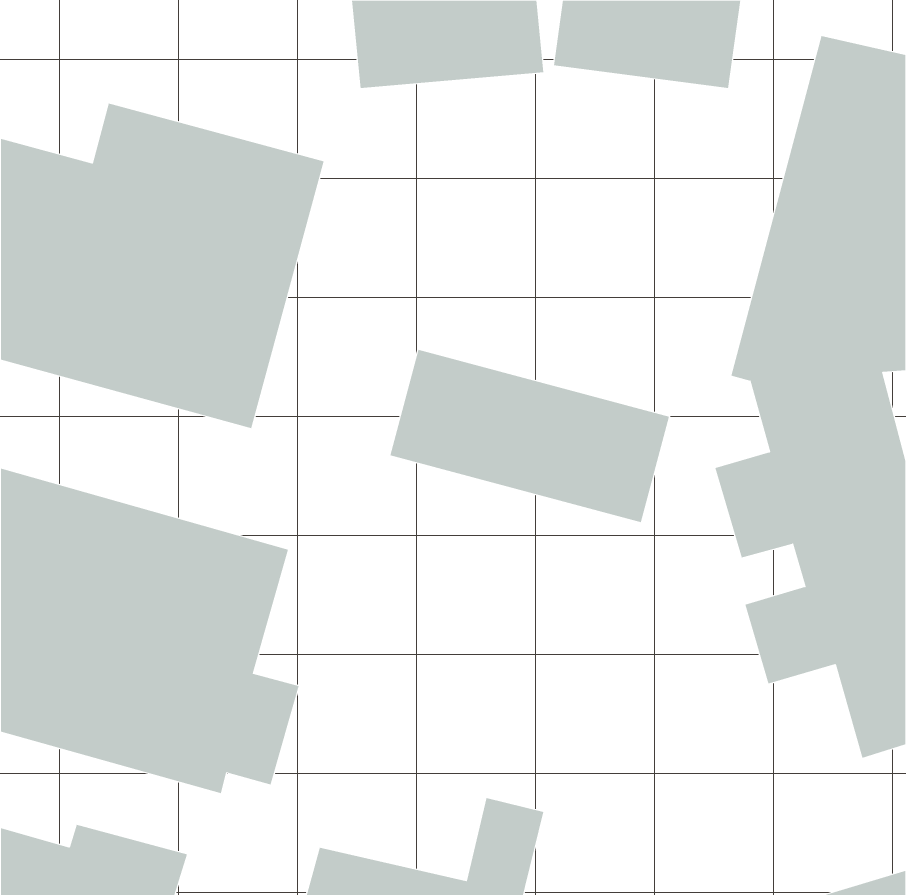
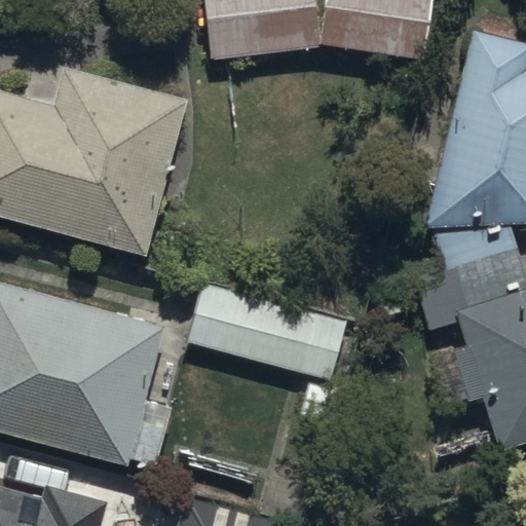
building: [390,349,670,523] -> [182,280,344,381]

